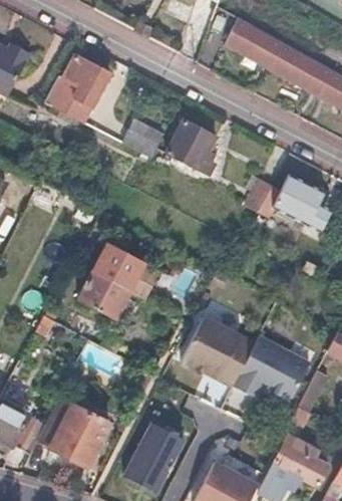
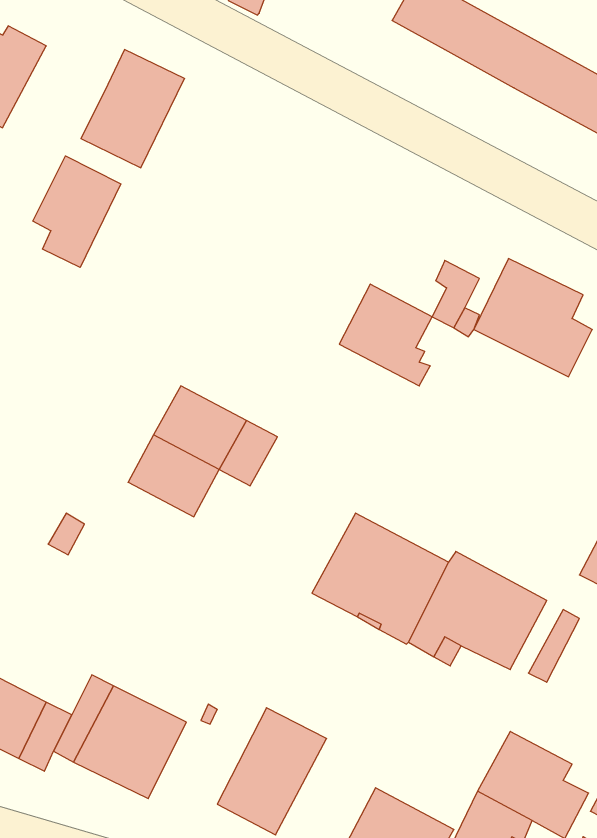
building: none -> [33,156,121,267]
building: [163,116,215,173] -> [339,284,432,386]
building: [121,120,160,157] -> none

